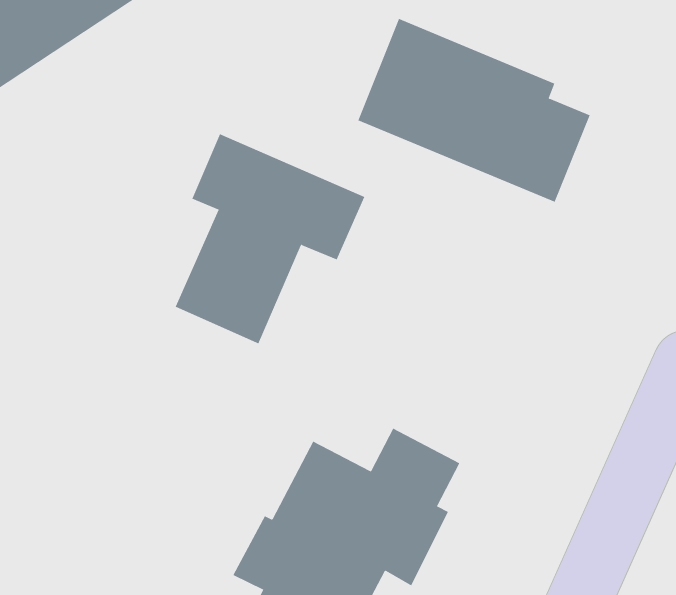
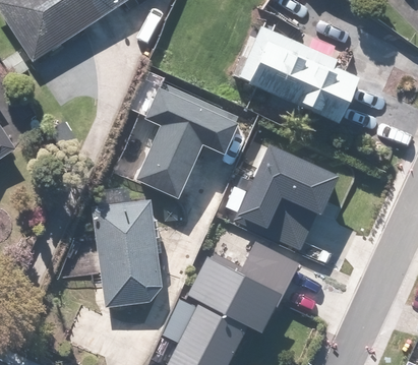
building: none -> [235,139,345,250]
building: none -> [92,195,164,306]

